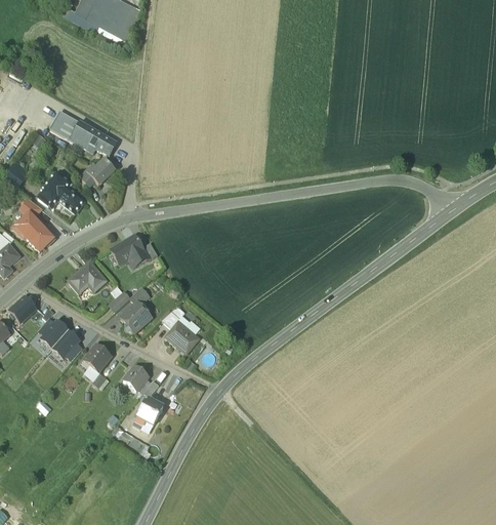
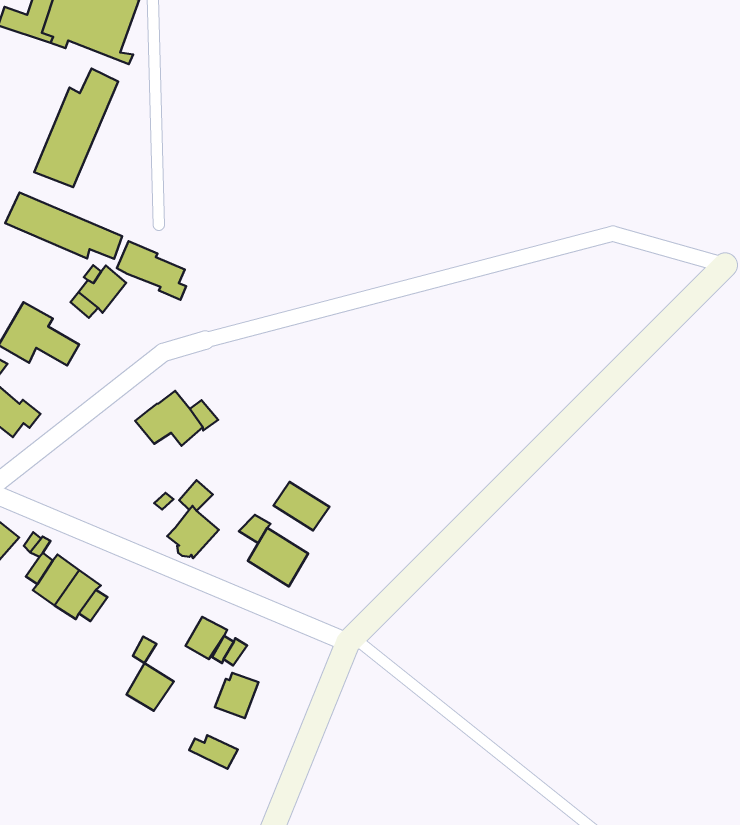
building: none -> [34,69,118,187]
building: none -> [117,241,186,300]
building: [67,260,106,292] -> none
building: none -> [273,482,329,531]
building: [83,342,111,370] -> [126,663,174,711]

